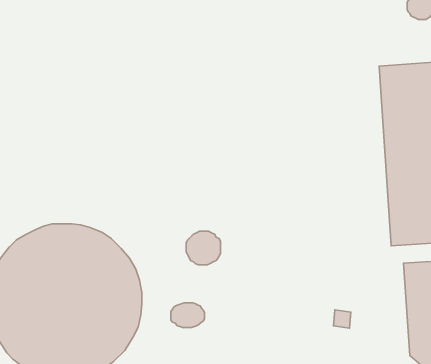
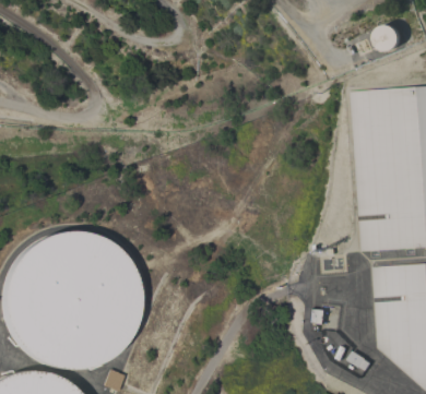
building: [186,231,221,265] -> none
building: [171,303,205,328] -> none

